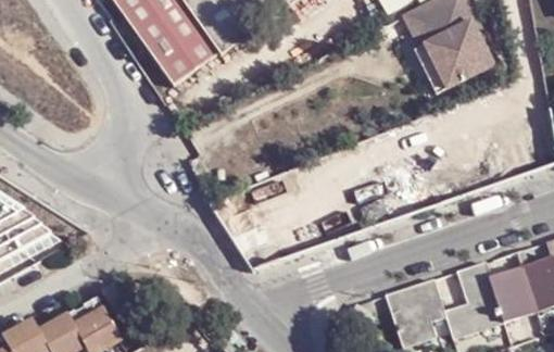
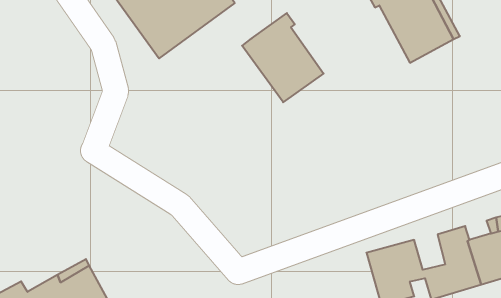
building: none -> [242,13,324,102]

